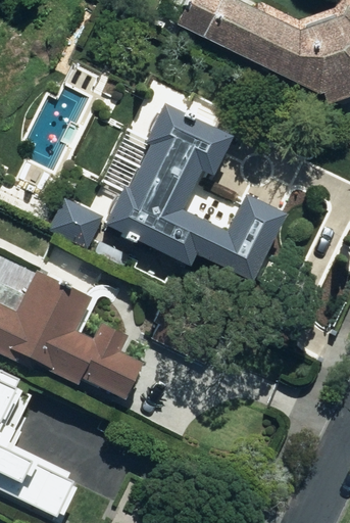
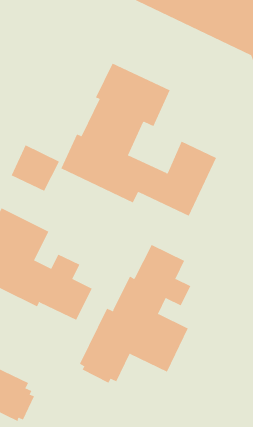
building: none -> [79,244,191,383]

